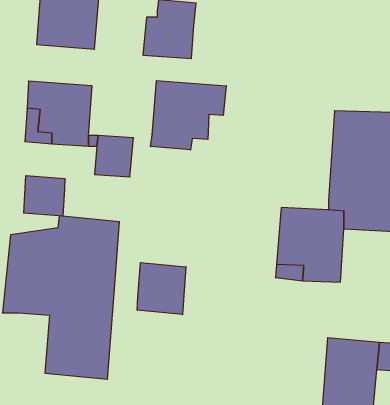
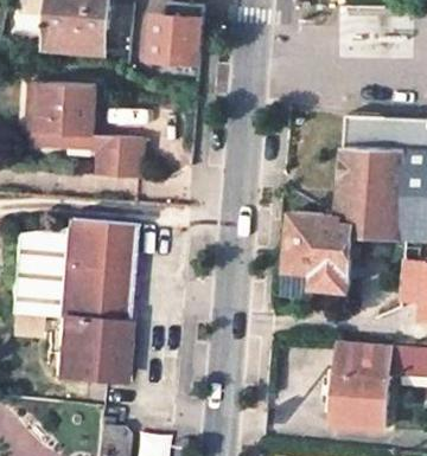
building: [151,81,226,150] -> none
building: [24,176,65,216] -> none
building: [137,263,186,315] -> none

